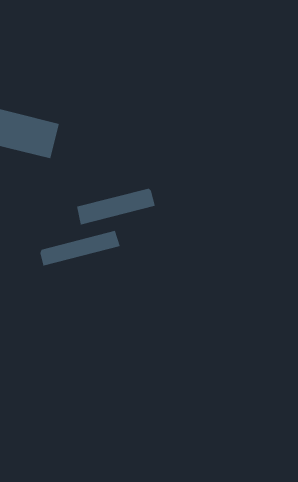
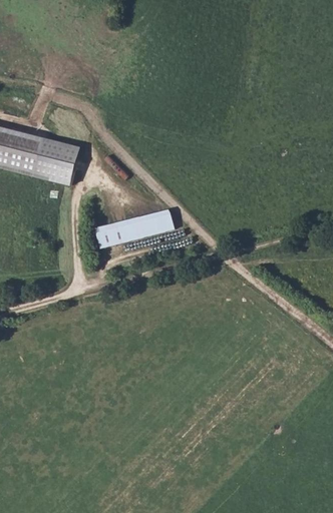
building: [40,230,121,267] -> none

